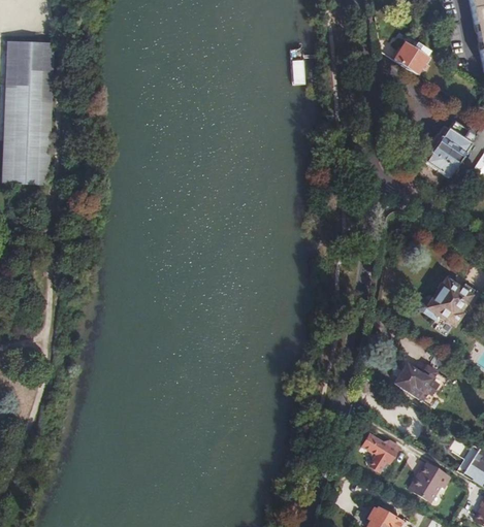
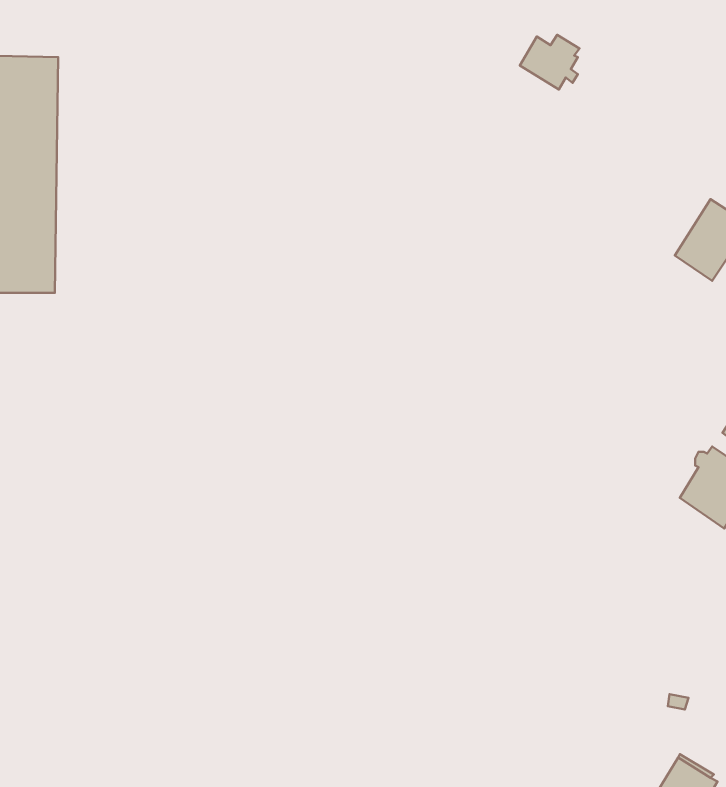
building: [392,41,428,74] -> [520,35,579,90]
building: [394,365,435,401] -> none
building: [363,433,400,470] -> none

